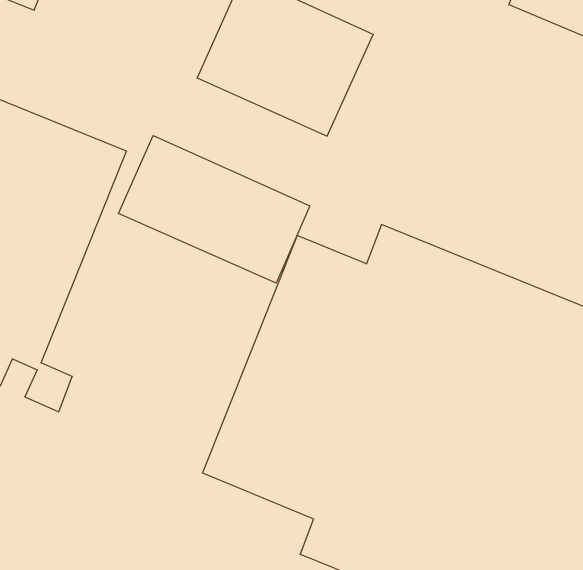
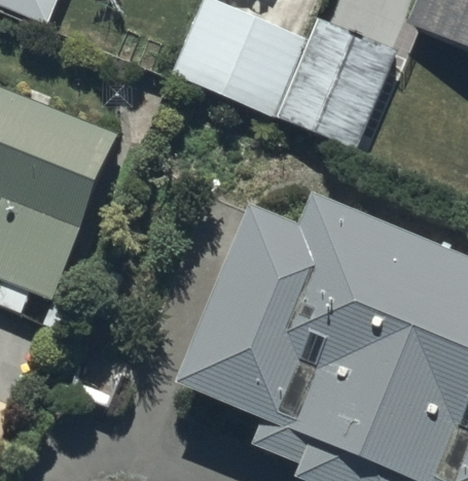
building: none -> [281,24,394,148]
building: [118,136,310,283] -> none

